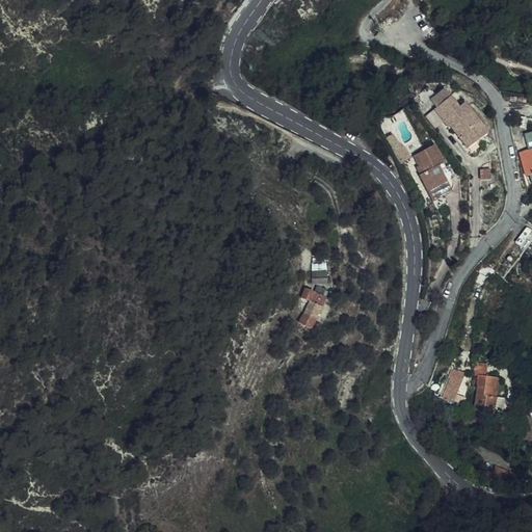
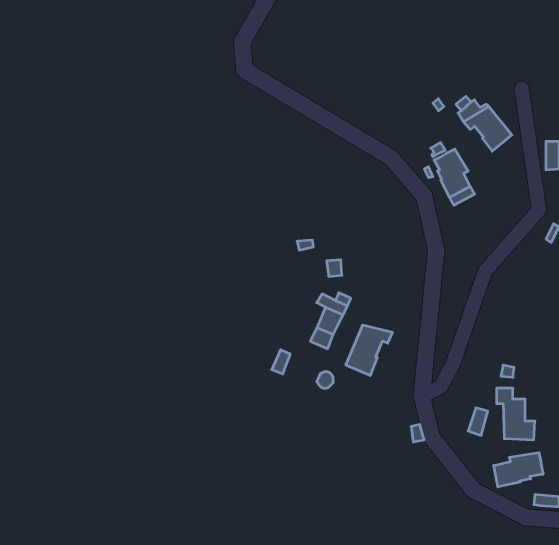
building: none -> [346,325,392,376]
building: none -> [494,453,543,487]

